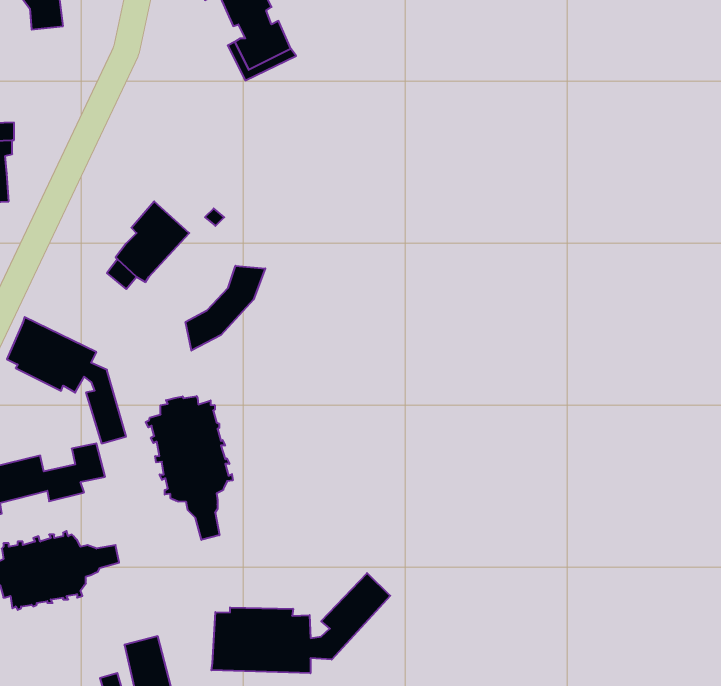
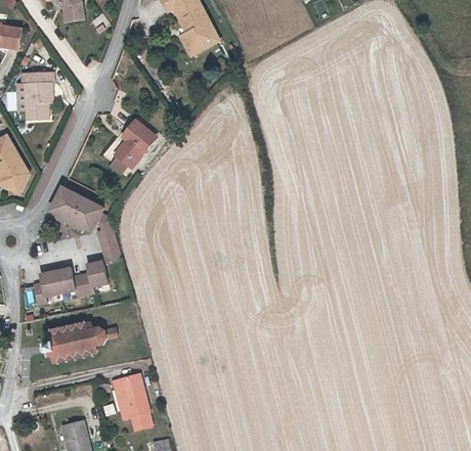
building: [186,266,265,351] -> none
building: [146,396,233,540] -> none
building: [211,573,390,673] -> none

